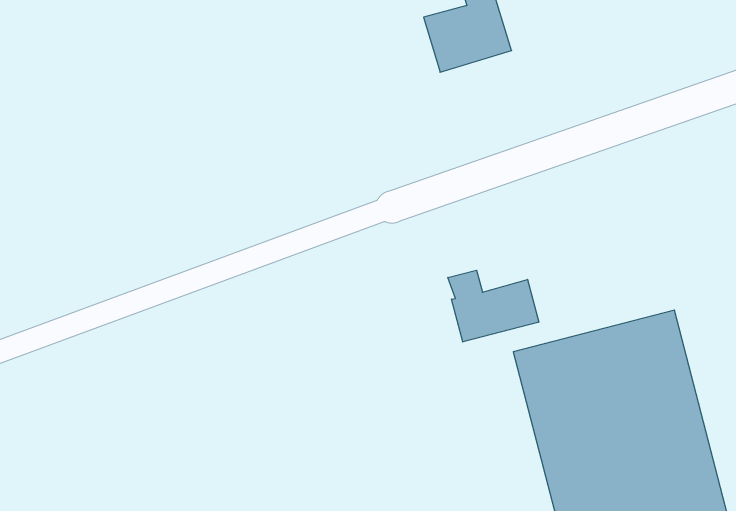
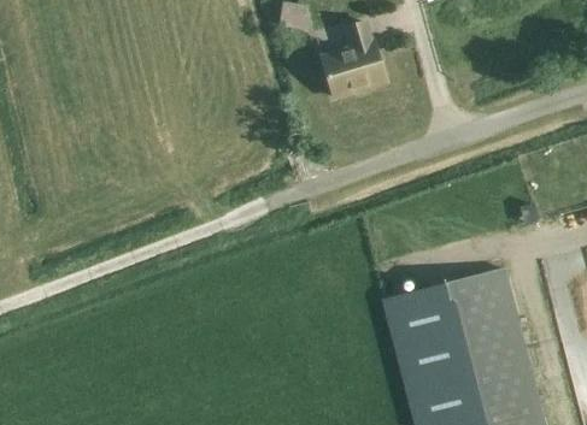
building: [448,270,539,342] -> none

